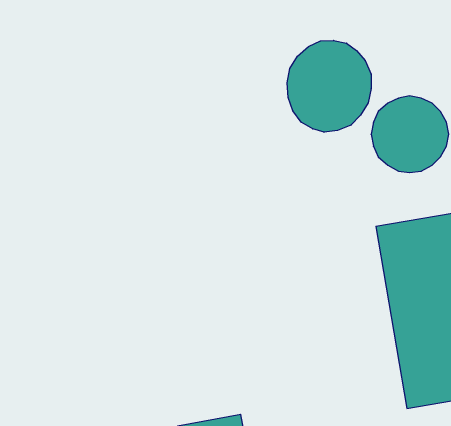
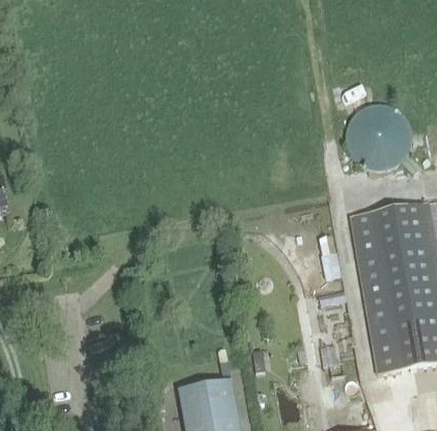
building: [287,40,371,132] -> none

